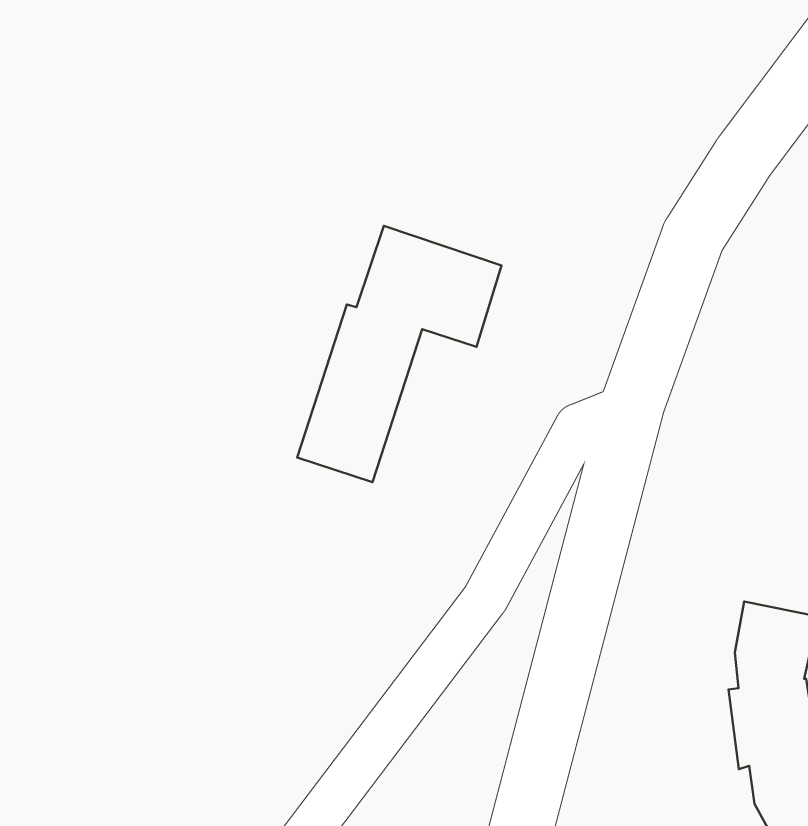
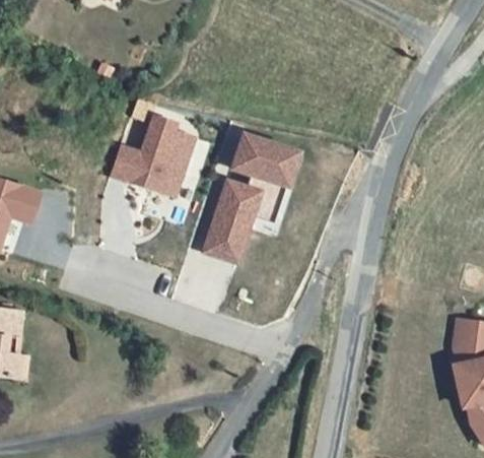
building: none -> [112,112,198,197]

